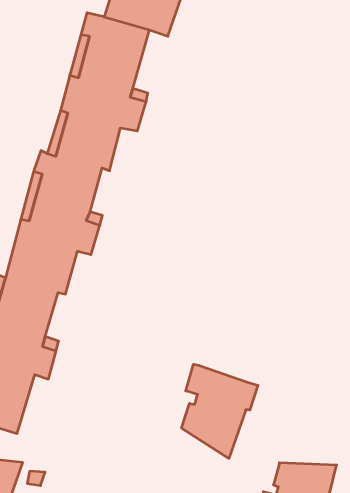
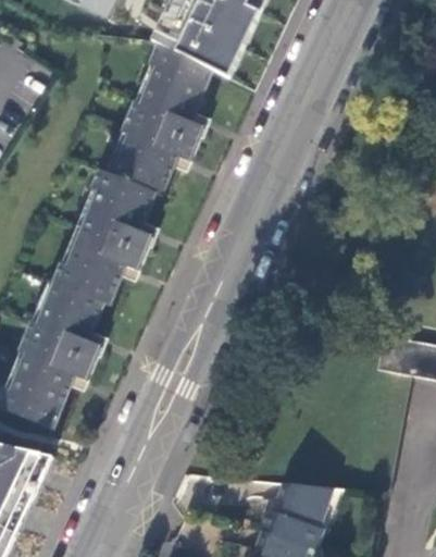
building: [182,364,258,458] -> none

